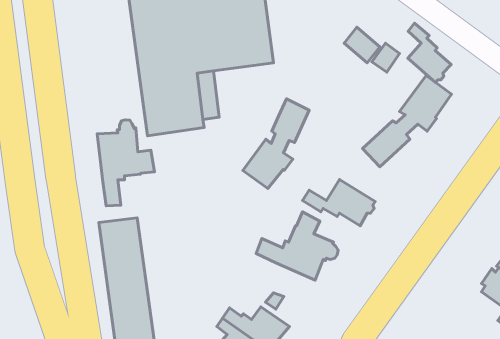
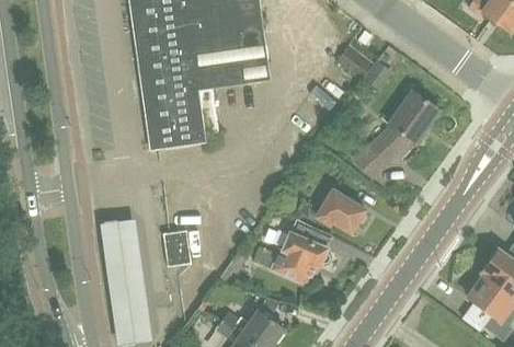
building: [408,23,451,83] -> none
building: [243,99,309,189] -> none
building: [97,120,155,206] -> none
building: none -> [161,229,190,265]

